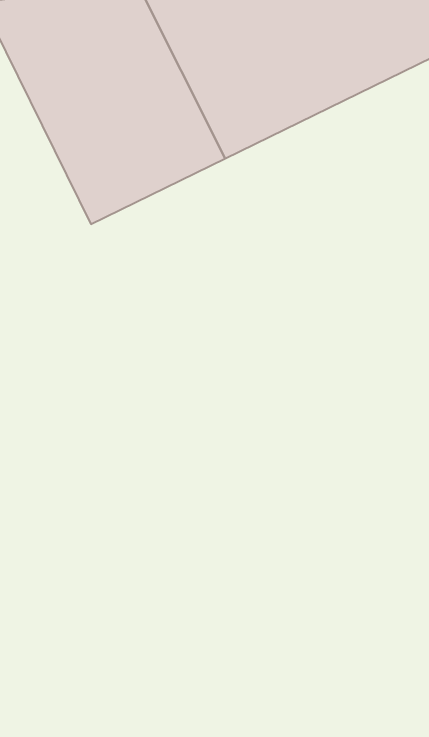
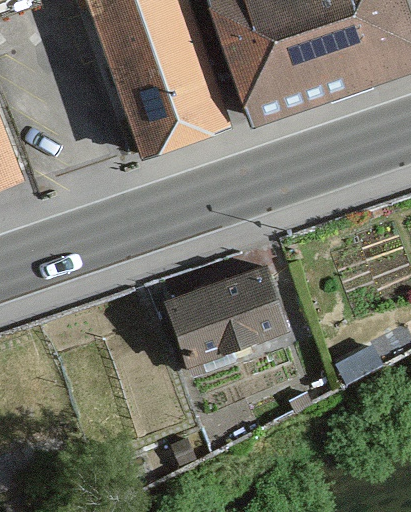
building: none -> [168,266,289,363]

